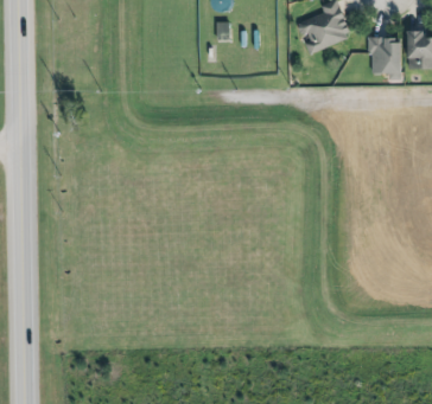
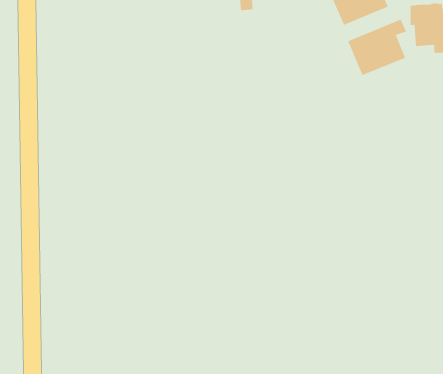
building: none -> [348,19,407,76]

